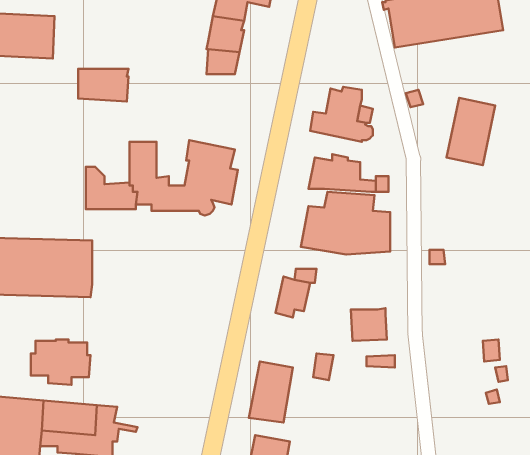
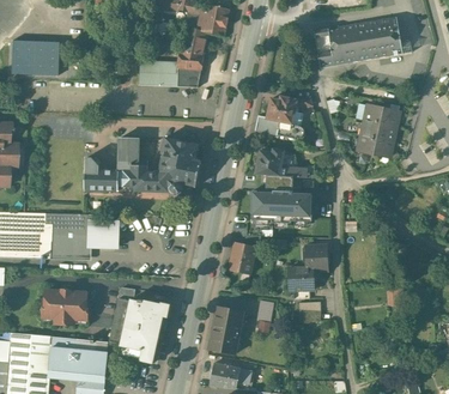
building: [78,69,128,102] -> [139,62,177,87]
building: none -> [89,220,117,248]
building: none -> [302,247,329,271]
building: none -> [105,298,165,364]

